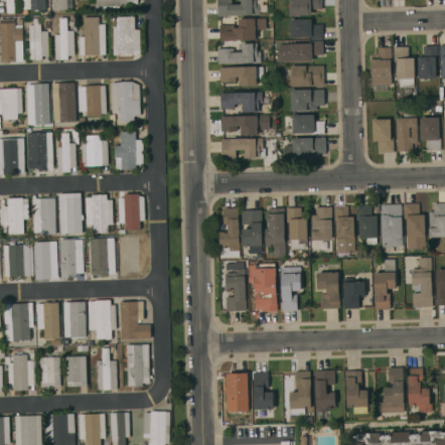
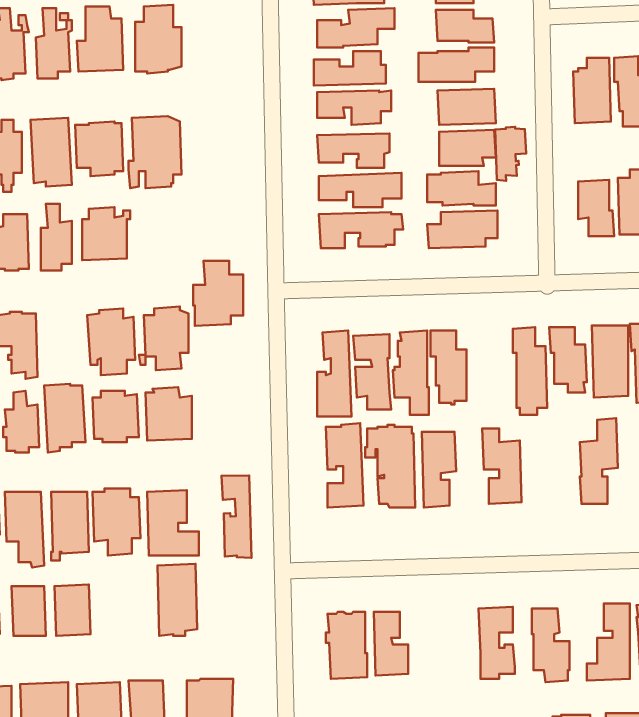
building: none -> [495,127,526,181]
building: [114,132,143,170] -> [193,261,243,326]
building: [58,193,83,236] -> none
building: [311,206,332,248] -> none
building: [343,278,364,309] -> none
building: none -> [222,475,251,558]
building: [96,347,117,390] -> none
building: [288,370,311,415] -> none

